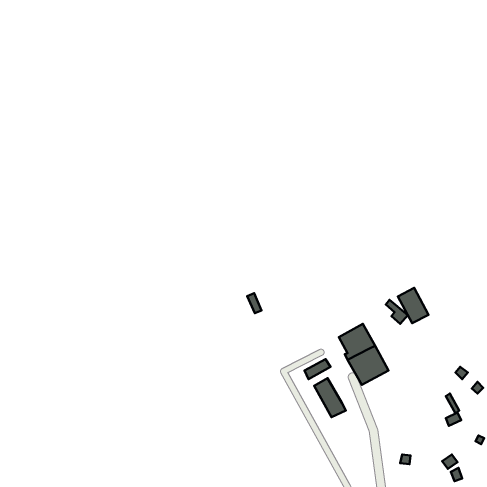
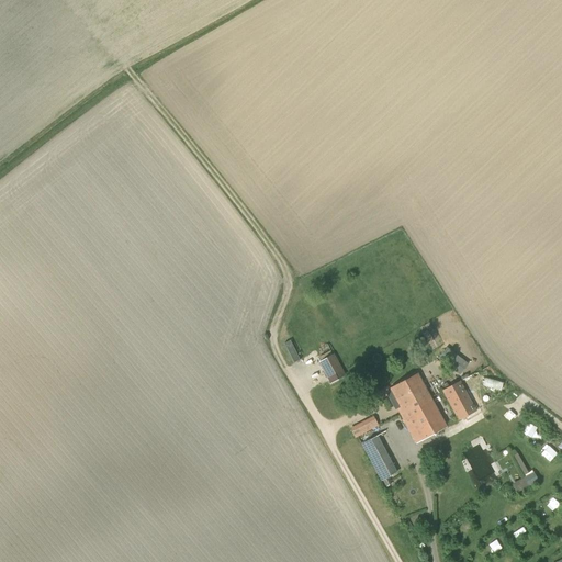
building: [398,288,428,323] -> [442,380,477,420]
building: none -> [319,352,347,383]

